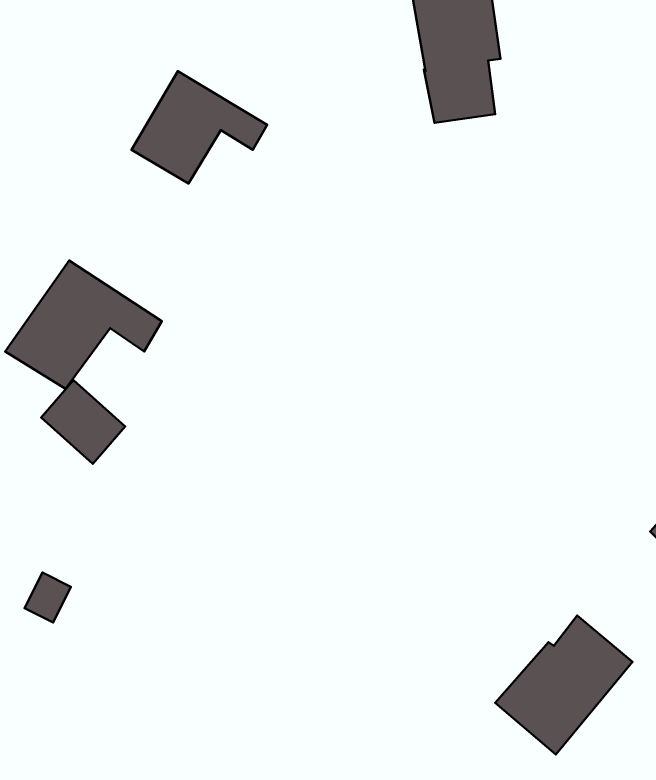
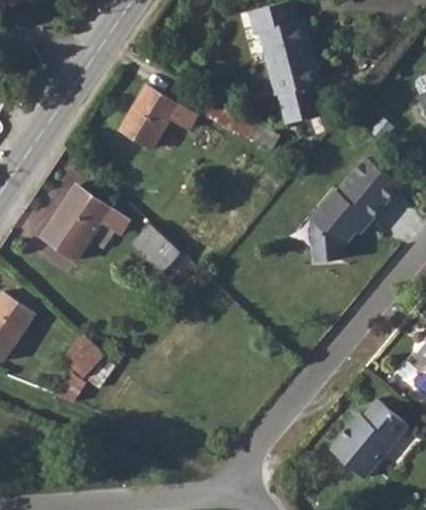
building: none -> [304,159,400,263]
building: [41,380,125,464] -> [133,223,181,271]
building: none -> [67,337,106,379]

